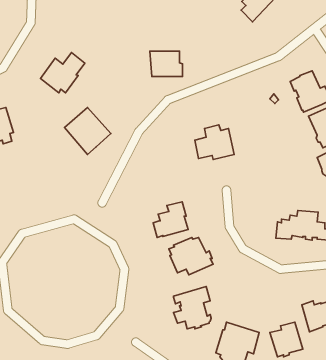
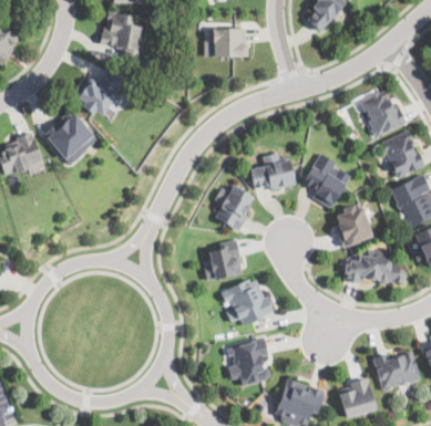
building: none -> [100,13,142,59]
building: [150,51,183,76] -> [211,29,248,58]
building: [65,107,111,155] -> [44,110,98,164]
building: none -> [302,153,351,209]
building: none -> [214,185,254,231]
building: none -> [335,205,372,247]

